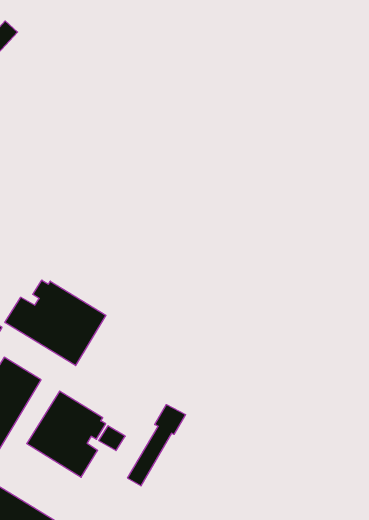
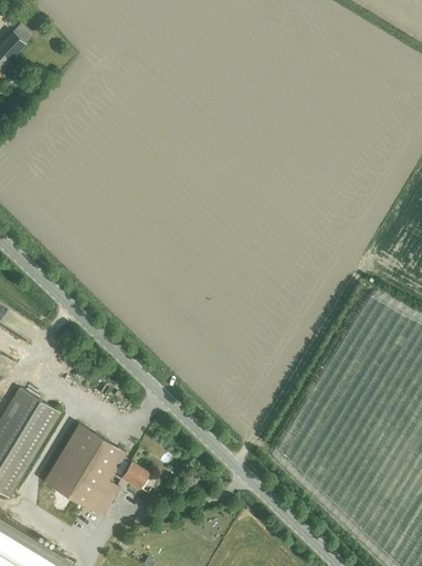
building: [5,280,106,366] -> none
building: [128,405,186,486] -> none

